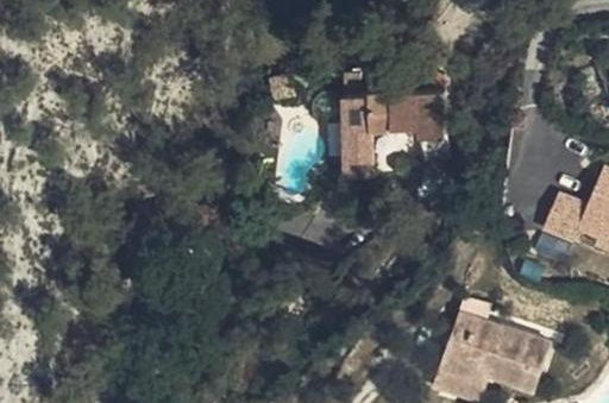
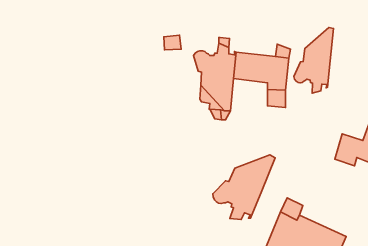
building: none -> [294,28,333,93]
building: none -> [213,155,275,219]

